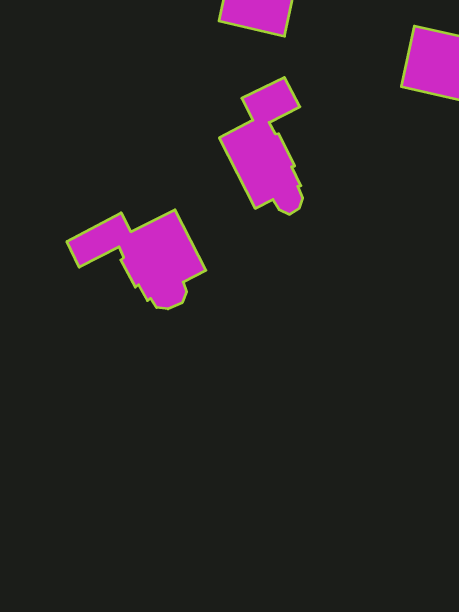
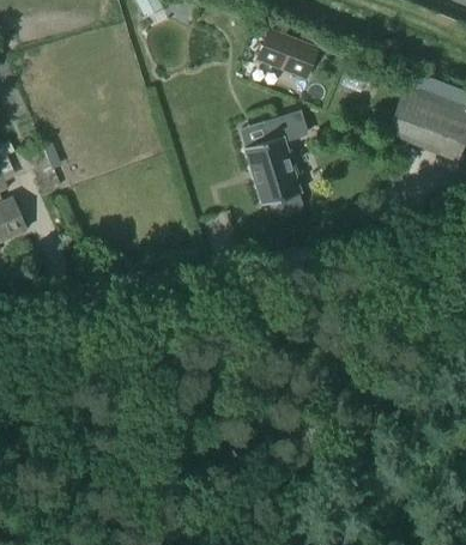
building: [67,210,206,309] -> none

